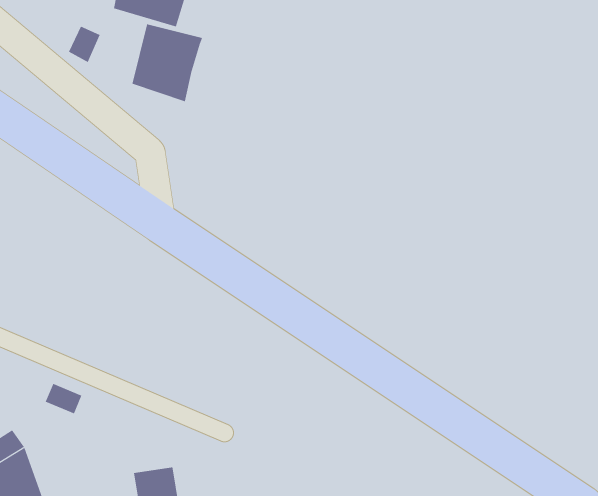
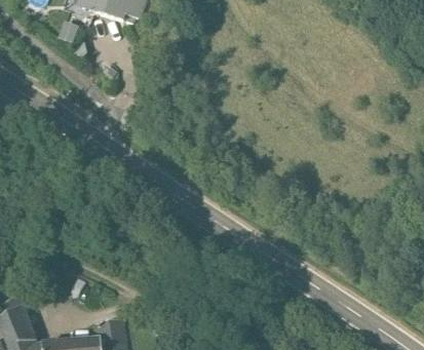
building: [132,23,203,102] -> none

